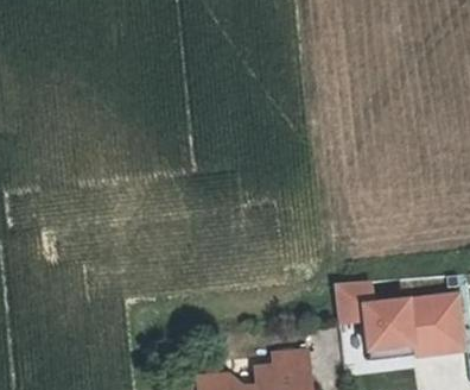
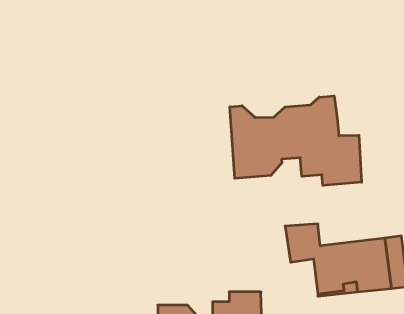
building: none -> [230,96,362,185]

